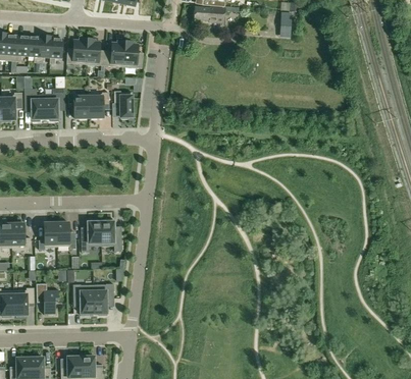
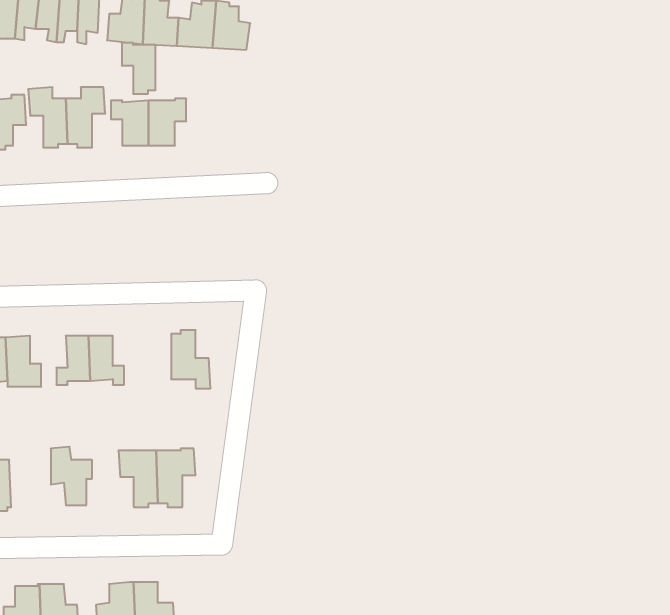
building: [114,91,133,118] -> [122,43,156,94]
building: [81,219,101,252] -> none
building: [13,287,34,317] -> none

